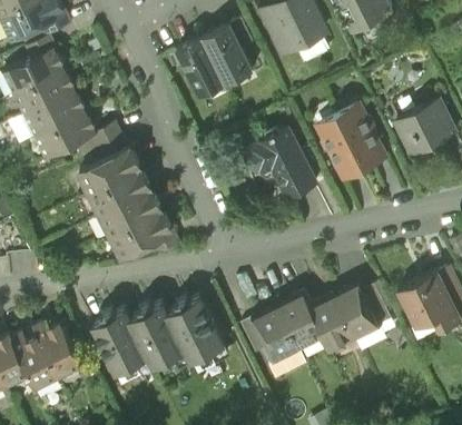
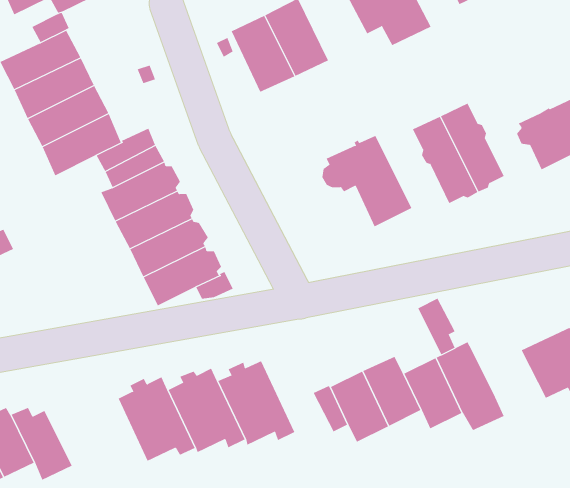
building: [361,283,390,326] -> [417,298,455,355]
building: [32,322,86,382] -> none

